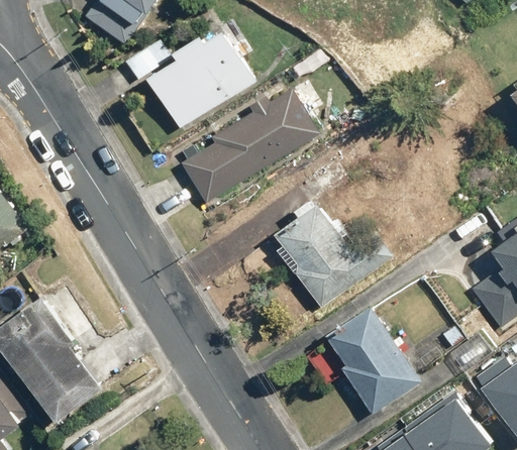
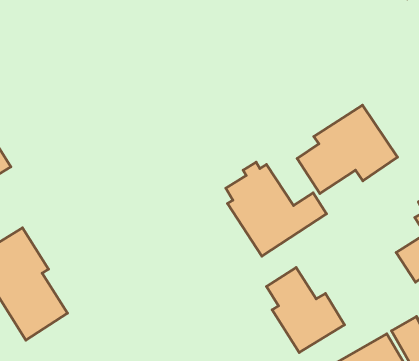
building: [147,30,252,126] -> none
building: [183,90,320,200] -> none
building: none -> [297,105,397,194]

